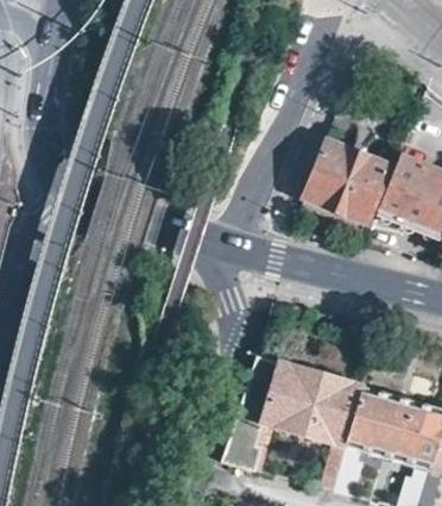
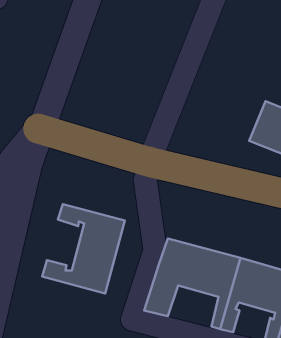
building: [302,138,391,220] -> none
building: none -> [42,204,125,294]

